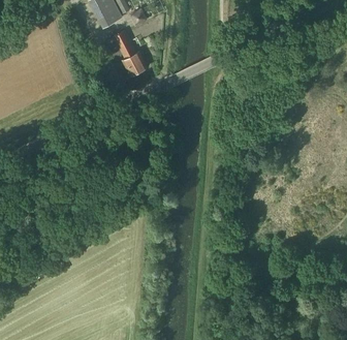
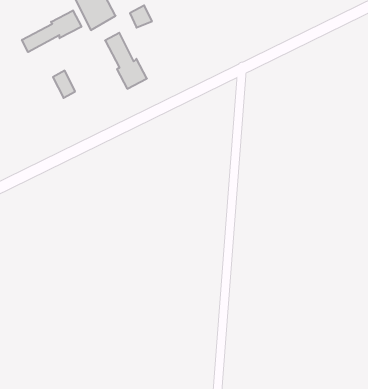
building: none -> [22,10,81,52]

